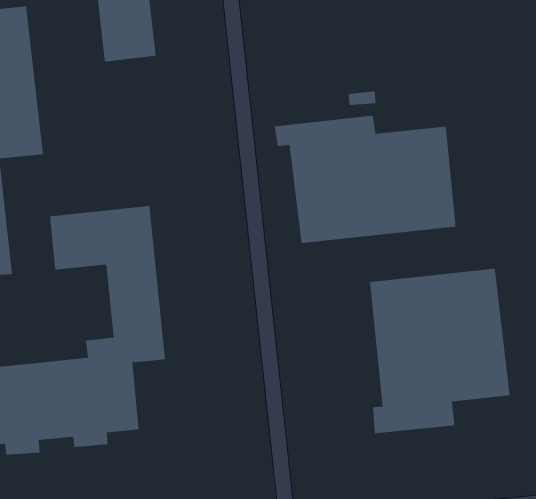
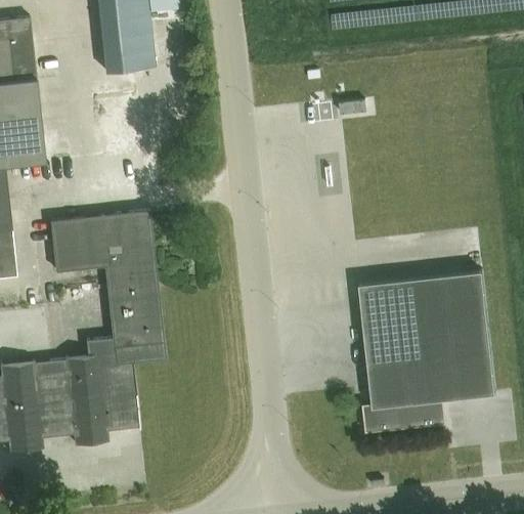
building: [274,115,456,244] -> none

